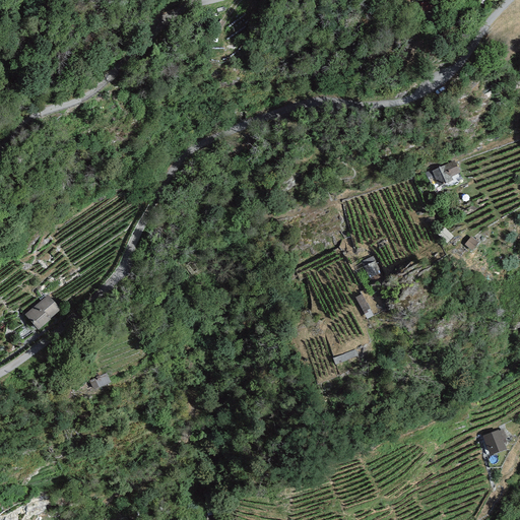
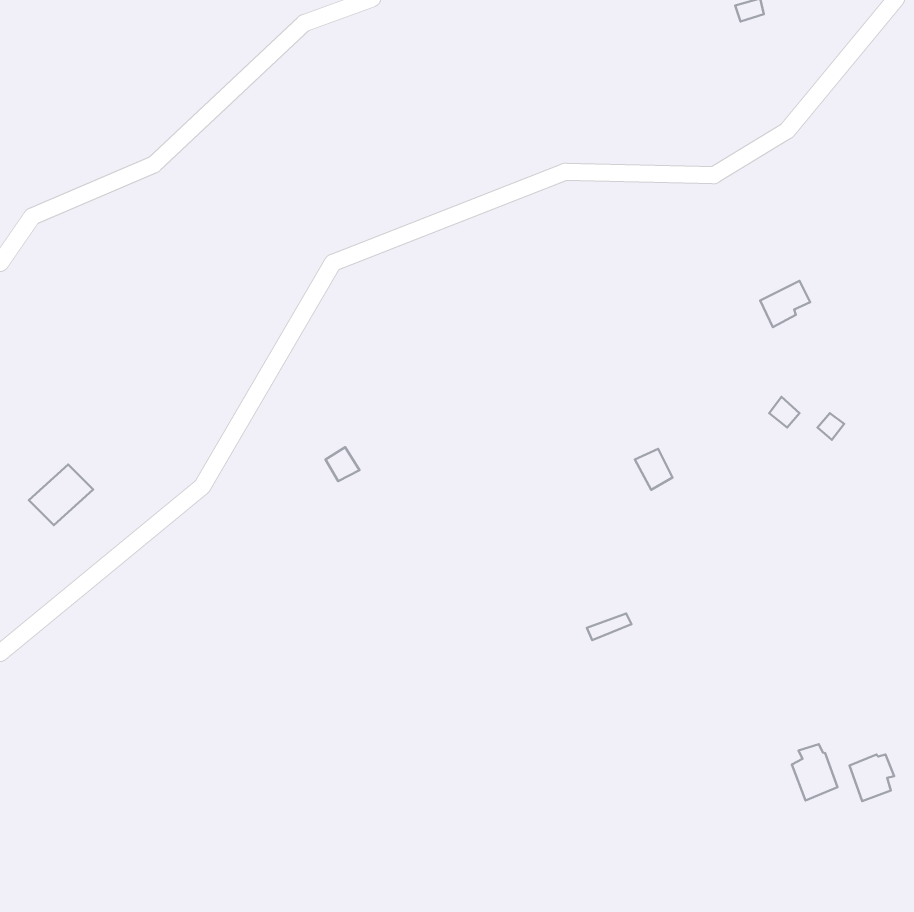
building: [24,295,61,329] -> [29,464,93,525]
building: none -> [792,744,837,800]

